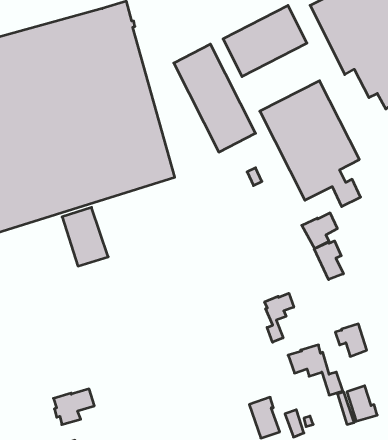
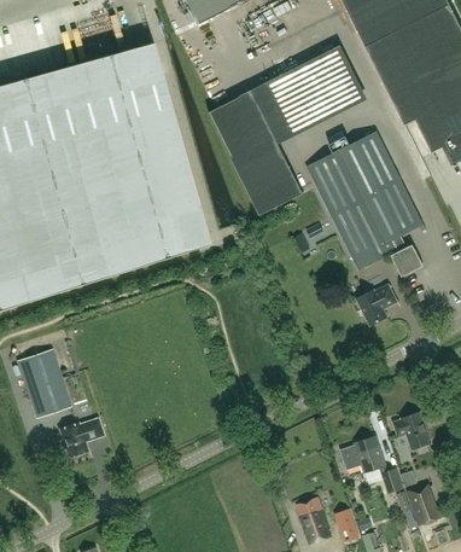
building: [62,207,108,266] -> [18,349,71,417]
building: [314,241,343,280] -> none
building: [265,293,294,342] -> none
building: [53,389,94,425] -> [58,417,105,458]

